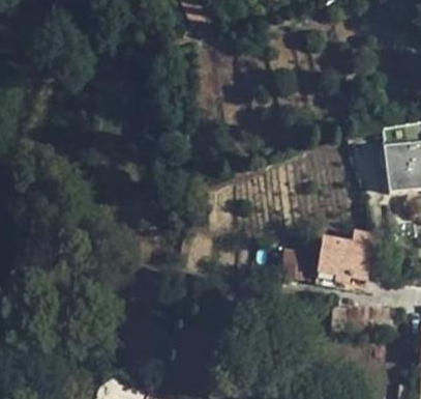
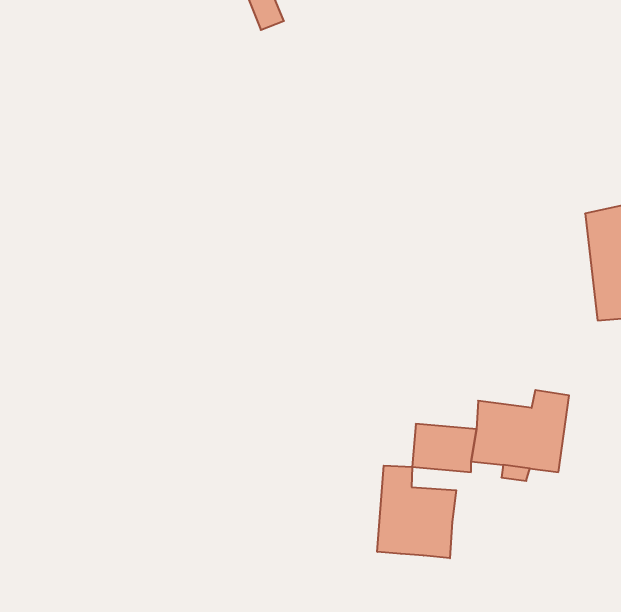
building: none -> [377,466,456,558]

